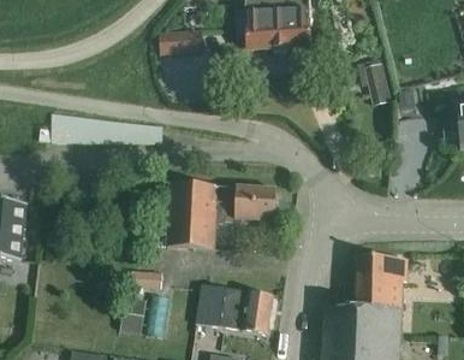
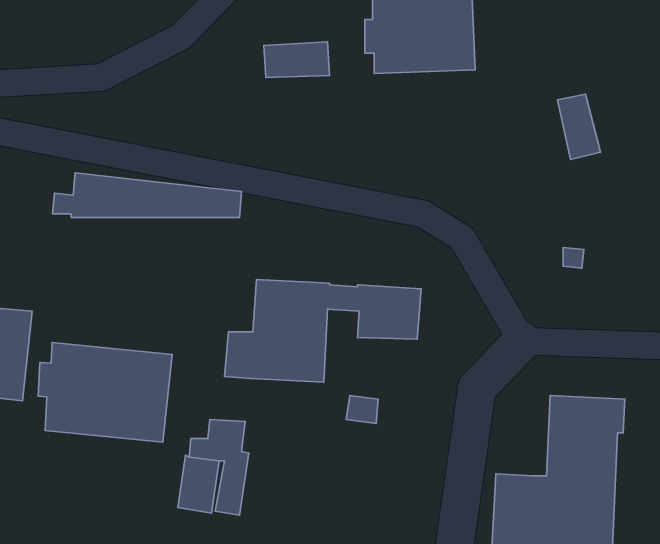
building: none -> [38,343,172,442]
building: [195,284,272,334] -> none

